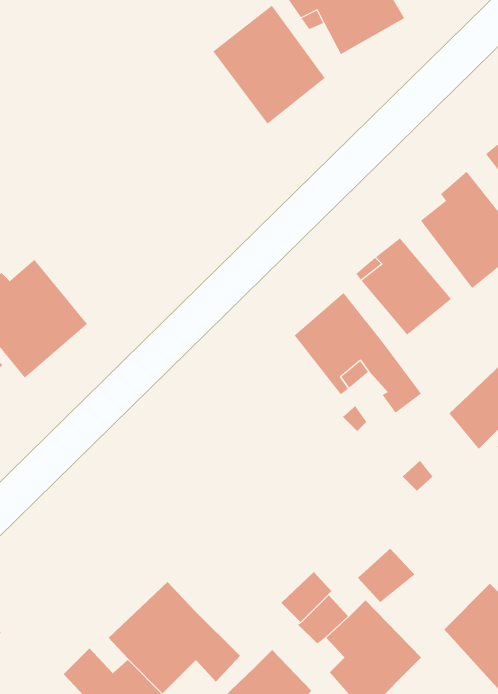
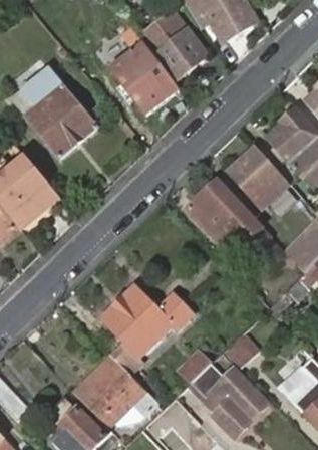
building: none -> [98,24,179,109]
building: none -> [24,66,97,156]
building: none -> [100,283,195,375]

